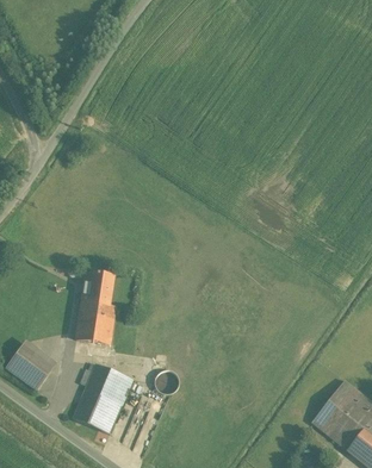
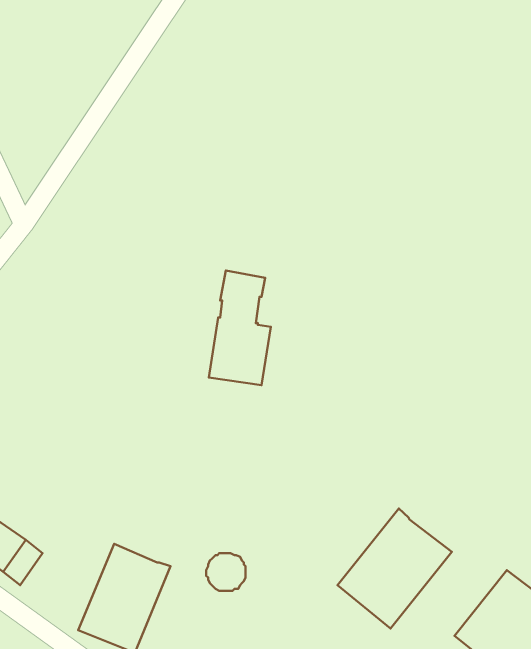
building: [75,272,114,344] -> [209,270,271,385]
building: none -> [337,509,452,628]

